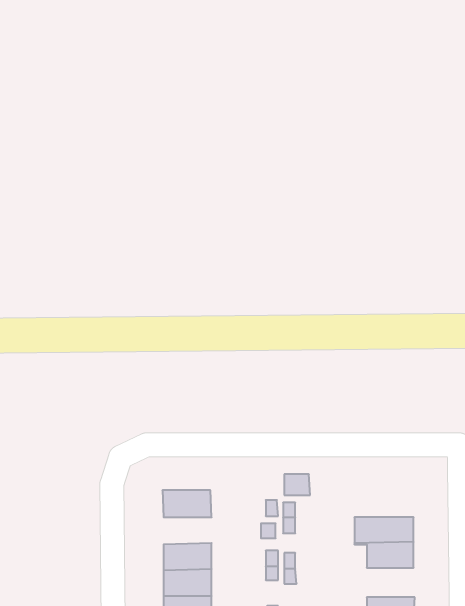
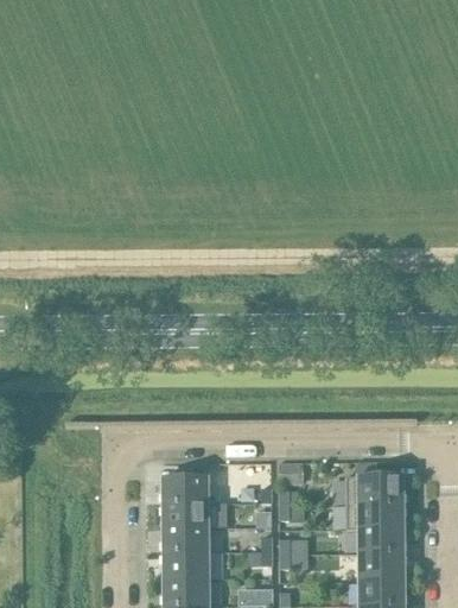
building: none -> [345,477,403,506]
building: none -> [163,506,209,532]
building: none -> [358,555,405,583]

